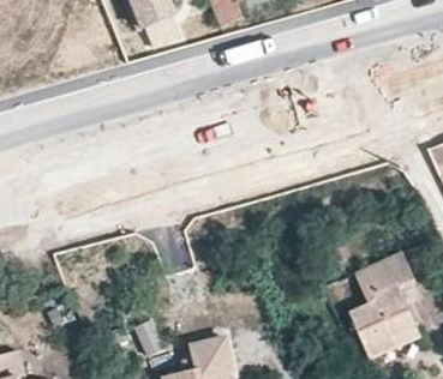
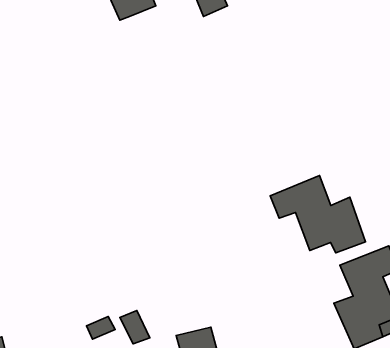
building: none -> [270,175,365,253]

